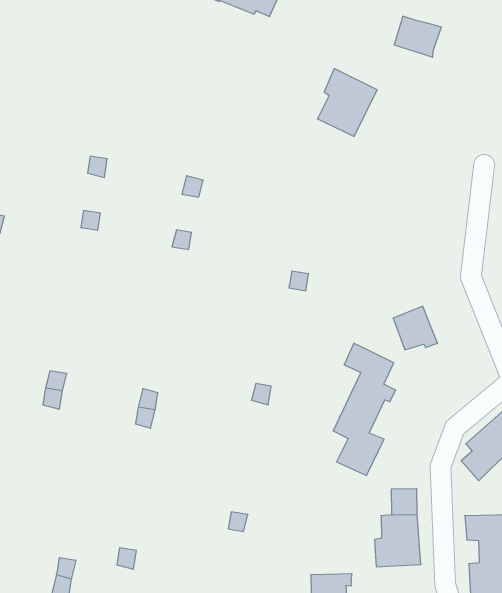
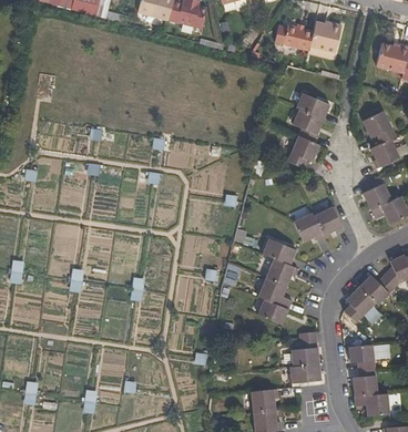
building: none -> [308,21,341,52]
building: [317,69,377,136] -> [292,91,329,134]
building: none -> [287,135,318,167]
building: none -> [313,205,343,235]

